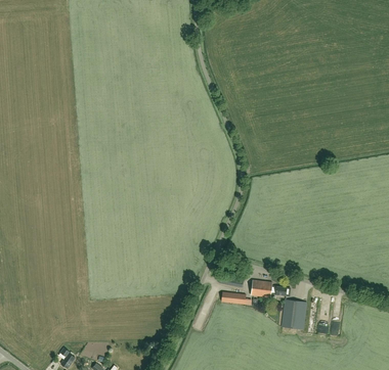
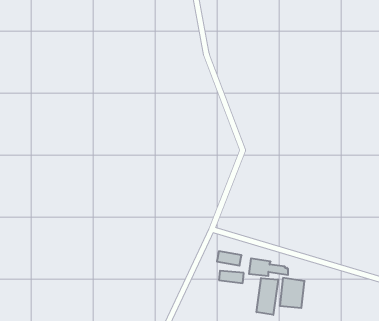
building: none -> [257,278,278,315]

